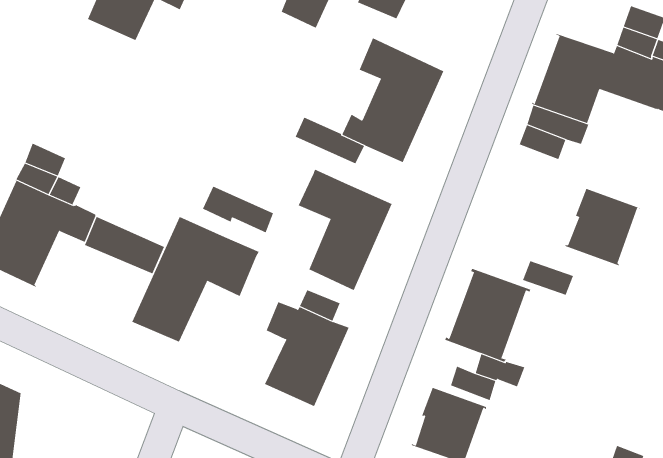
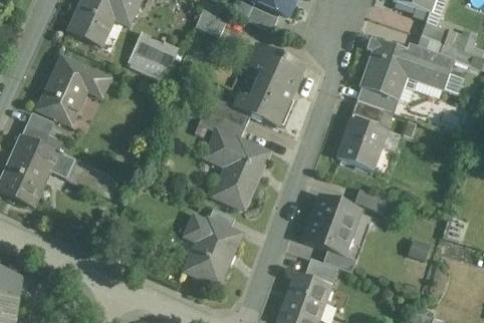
building: none -> [128,32,178,78]
building: none -> [37,57,109,124]
building: [202,186,274,233] -> [197,108,244,139]
building: [565,188,641,266] -> [336,118,387,170]
building: [131,216,259,342] -> none

